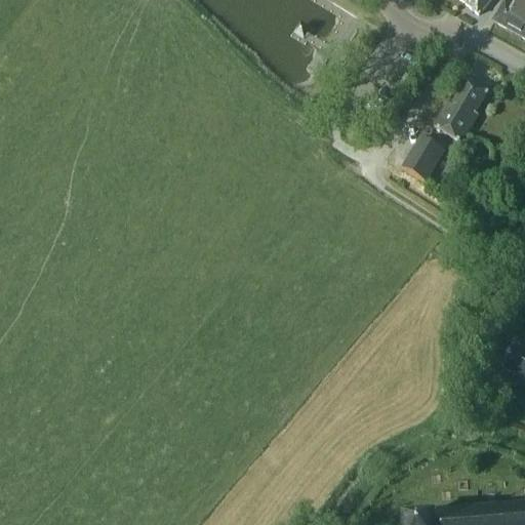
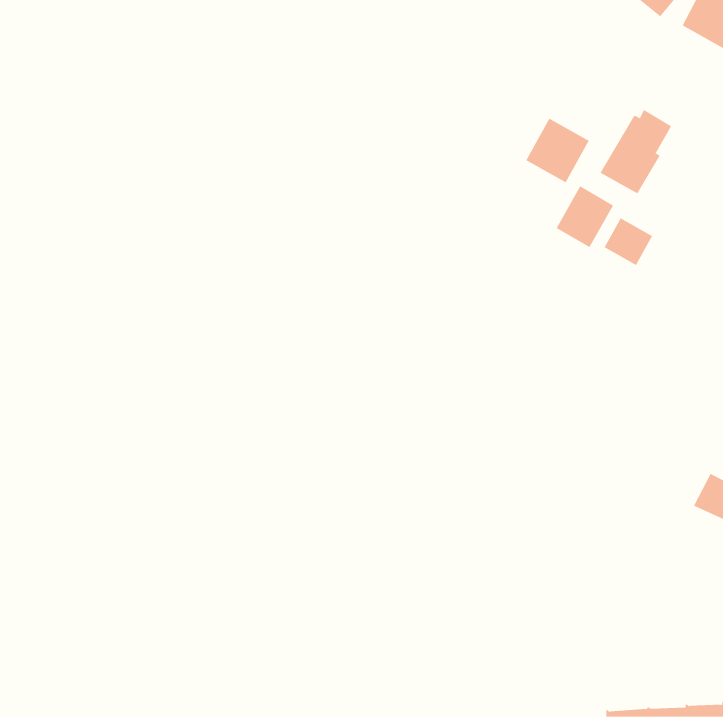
building: none -> [526,118,589,183]
building: none -> [604,218,653,266]

